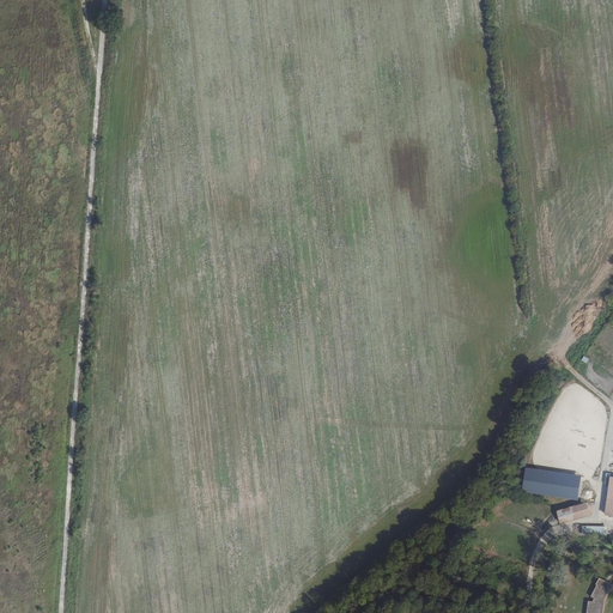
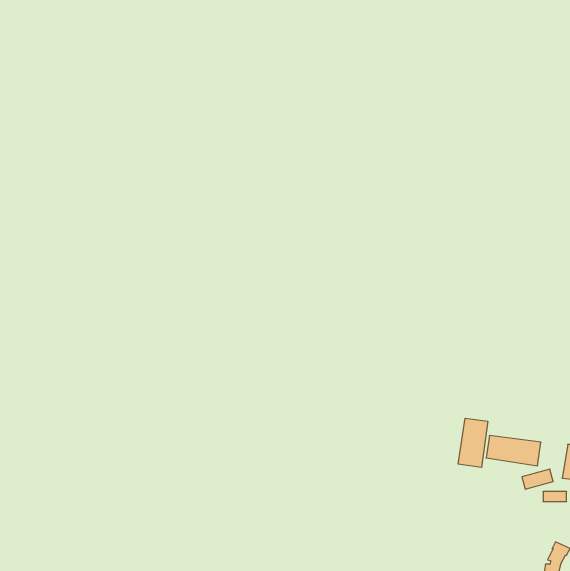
building: none -> [458,418,488,467]

